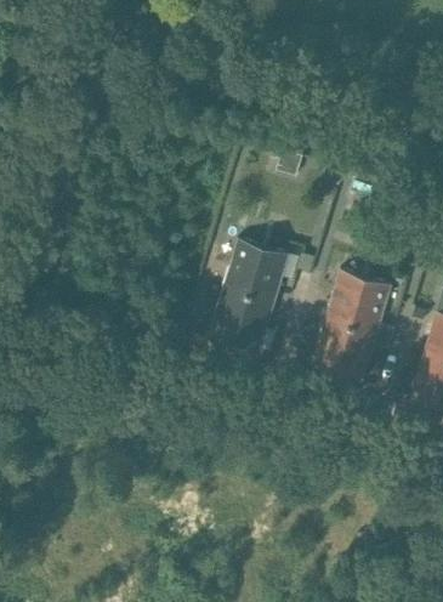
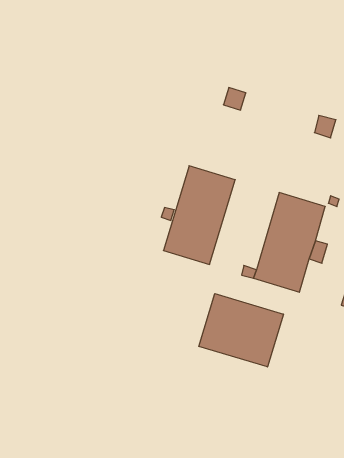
building: none -> [199,294,283,367]

